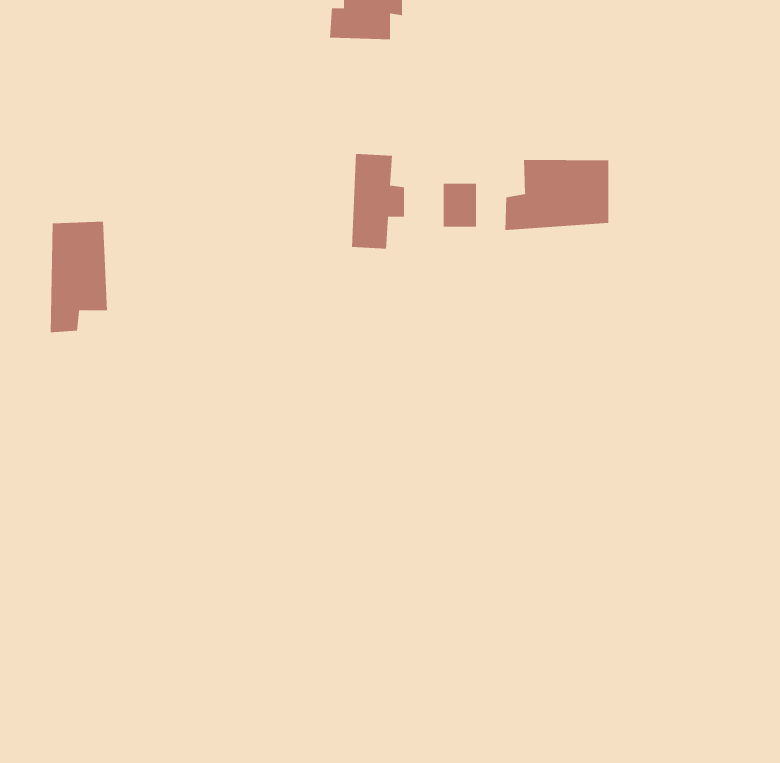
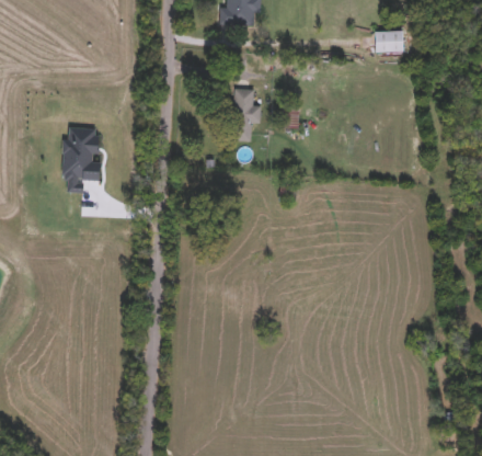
building: none -> [376,31,404,53]
building: [505,159,609,231] -> none

